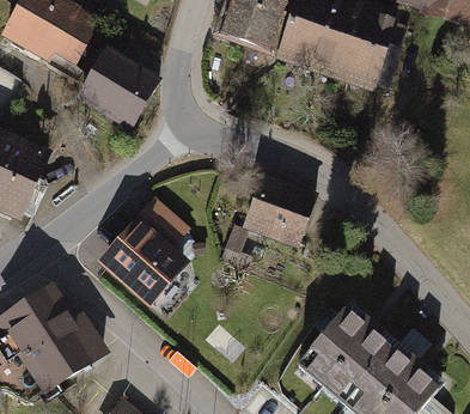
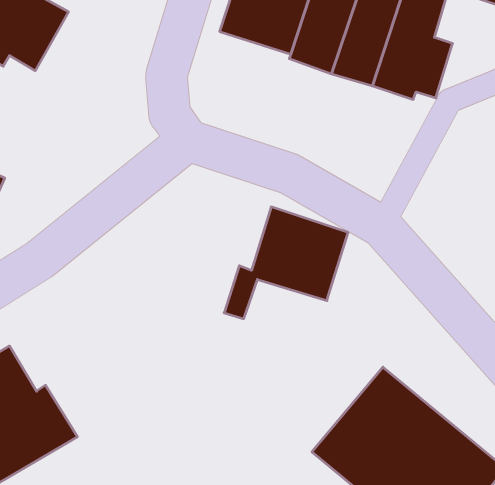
building: [74,48,160,132] -> none
building: [99,199,194,306] -> none

